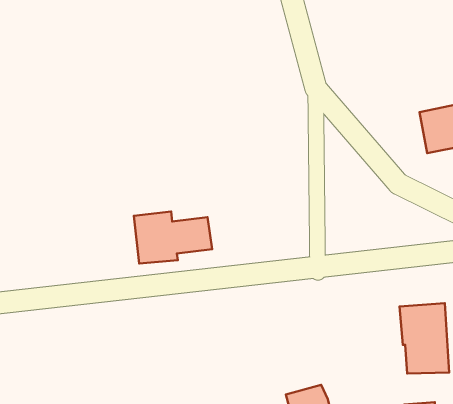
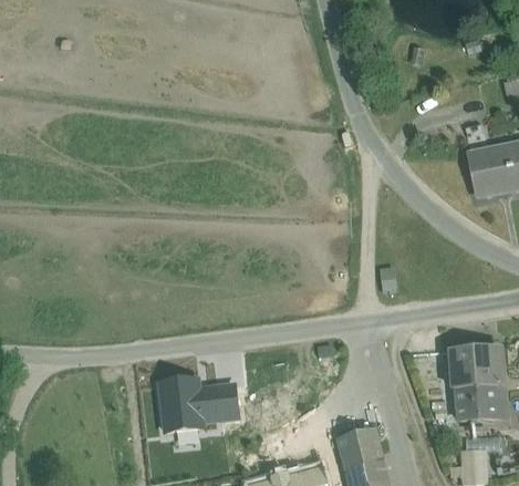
building: [134,212,212,263] -> [158,380,237,432]

